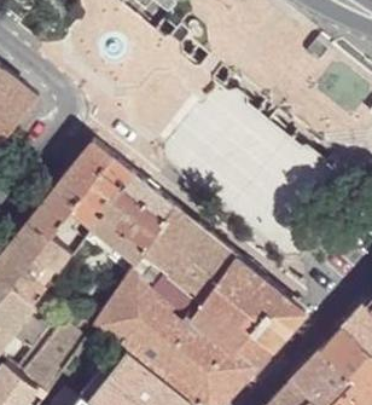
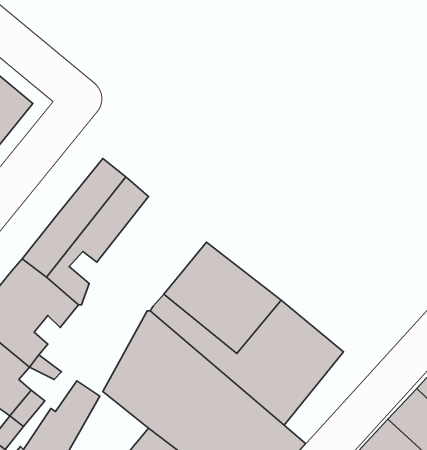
building: [88,172,175,259] -> none
building: [237,295,304,368] -> none

